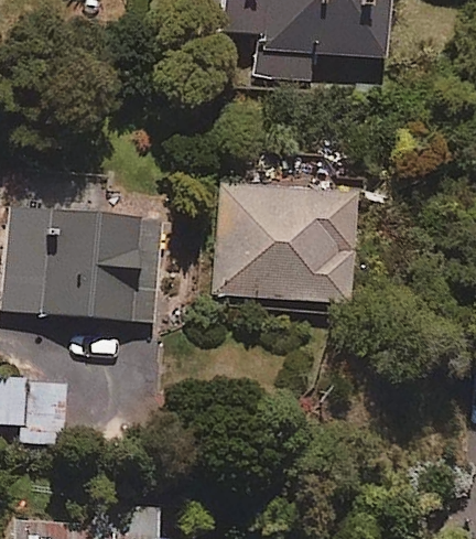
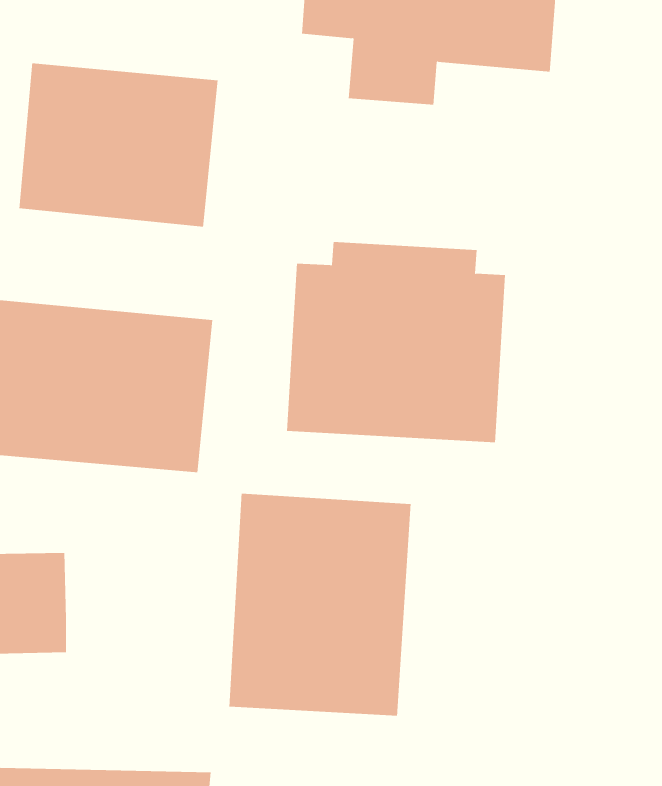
building: none -> [19,63,218,227]
building: none -> [229,493,411,716]

